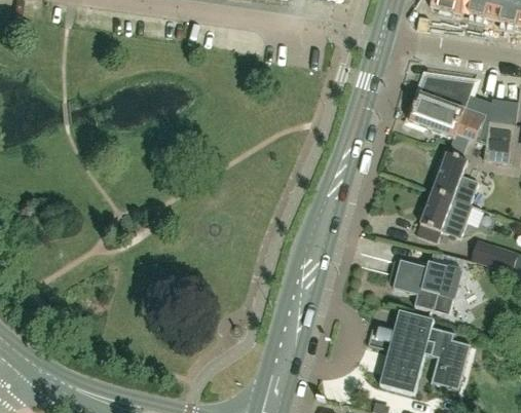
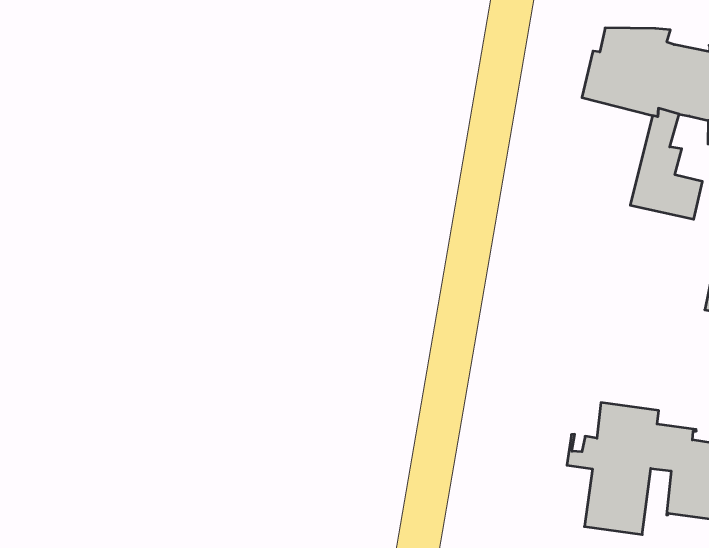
building: [416,189,474,240] -> none
building: [394,259,461,313] -> none

